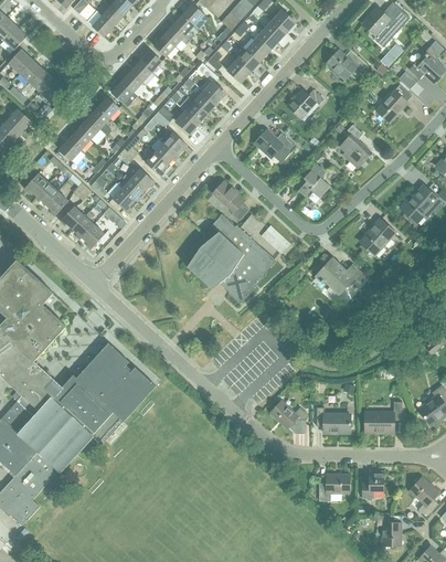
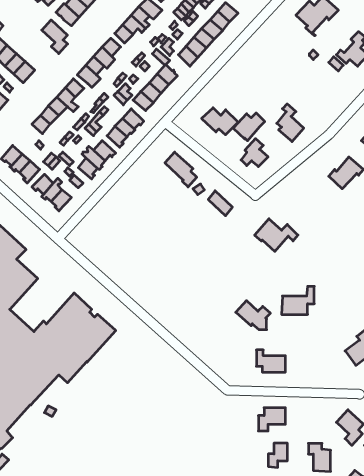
building: none -> [42,20,68,54]
building: [327,51,367,81] -> none
building: [375,85,412,123] -> none
building: [287,89,323,121] -> [233,113,265,141]
building: [187,213,276,303] -> none
building: [359,218,394,255] -> none
building: [269,400,309,433] -> [236,301,270,330]
building: [364,401,402,433] -> [282,286,314,314]
building: [362,470,384,498] -> [268,443,287,467]

